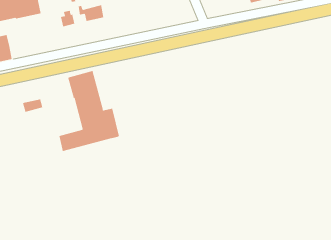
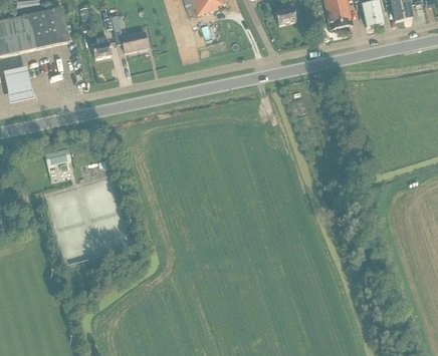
building: [59,70,120,152] -> none

